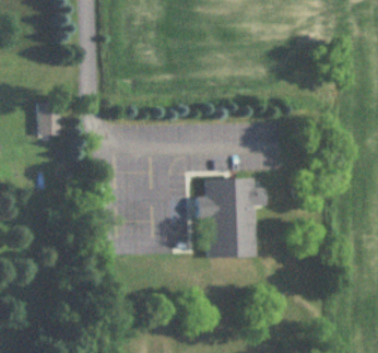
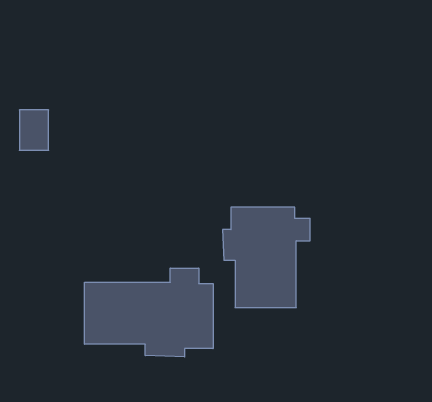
building: none -> [85,268,213,357]

